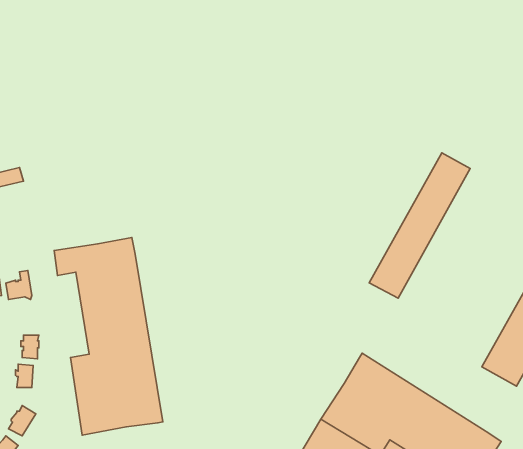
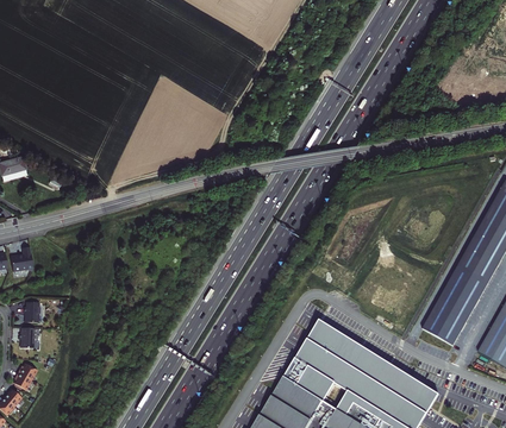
building: [369,153,470,298] -> none
building: [54,238,163,435] -> none

